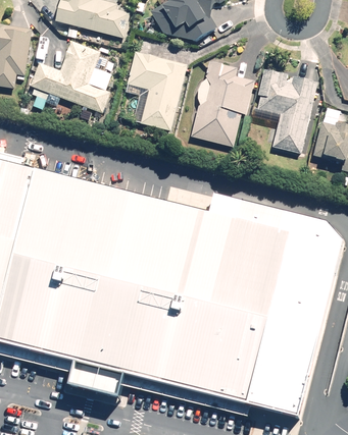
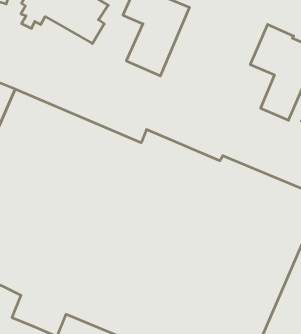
building: [191,62,256,149] -> none

